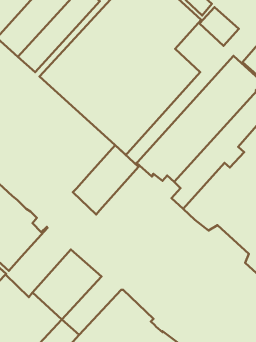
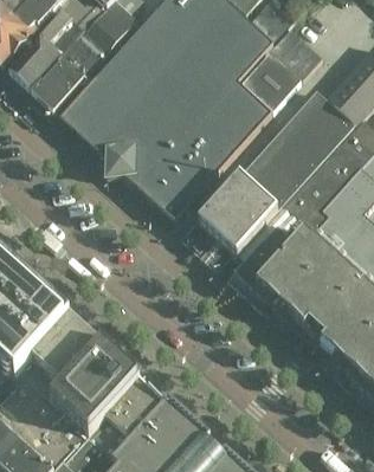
building: none -> [244,51,301,106]
building: [73,145,138,215] -> [14,313,101,405]
building: none -> [89,377,167,454]

